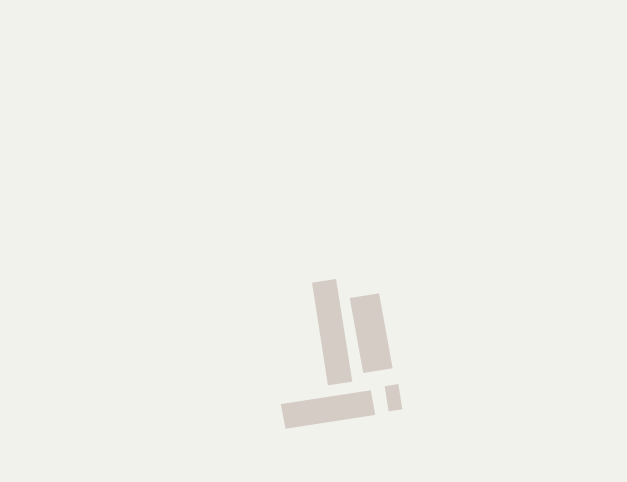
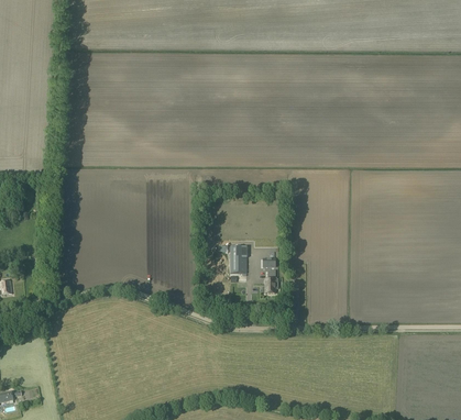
building: [280,389,376,430] -> none

